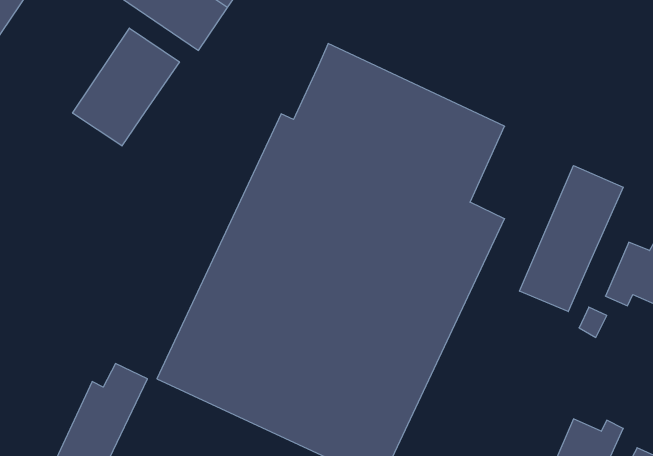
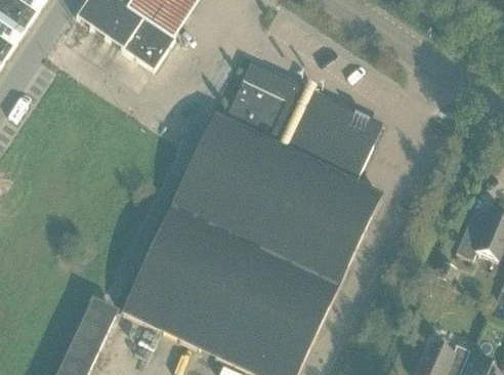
building: [73,28,179,146] -> none
building: [520,166,623,312] -> none

